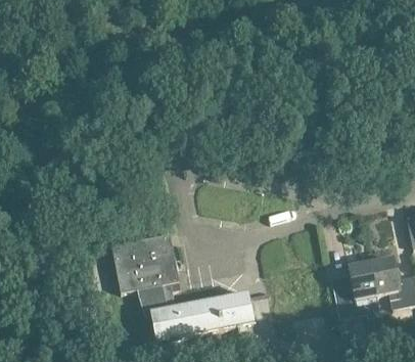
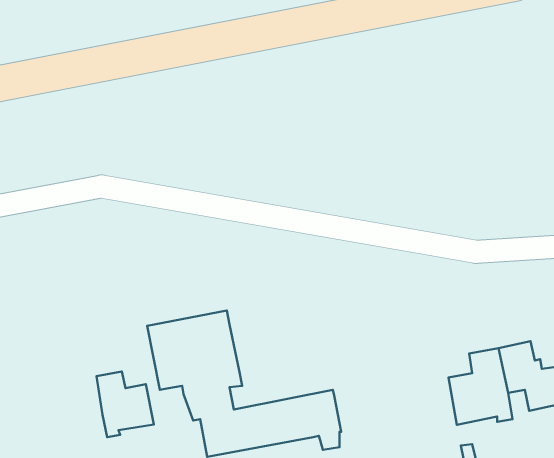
building: none -> [97,372,154,437]

